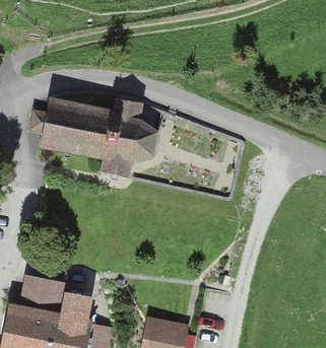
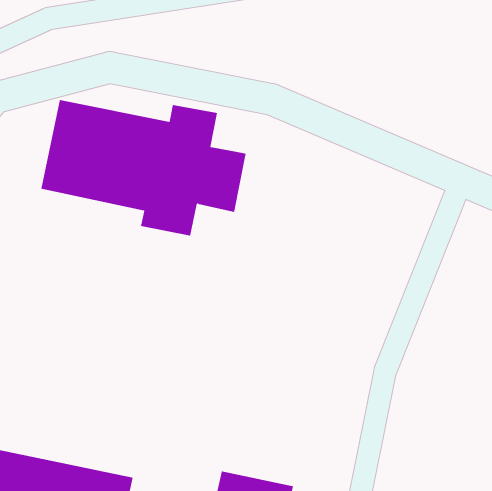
building: [19,274,72,311] -> none

